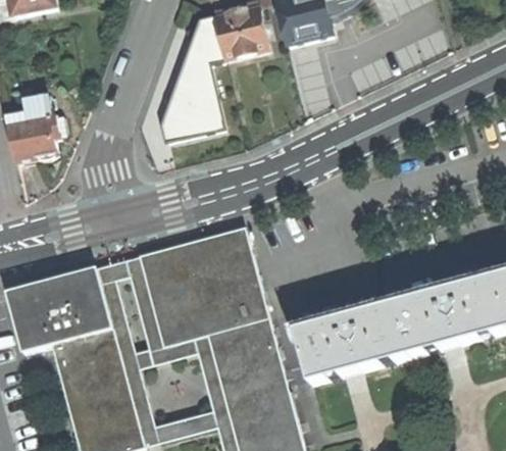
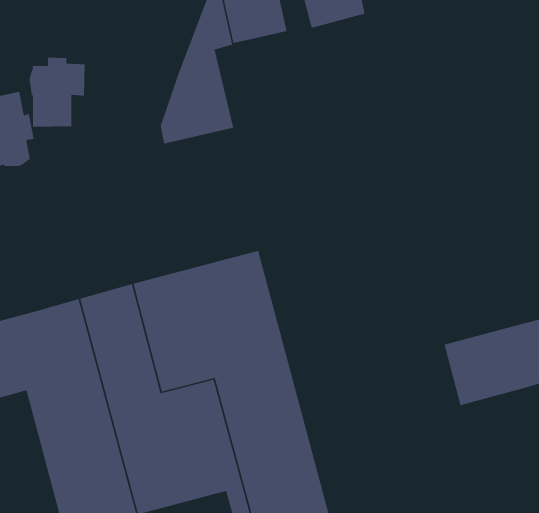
building: none -> [29,57,85,127]
building: [296,303,408,381] -> none

